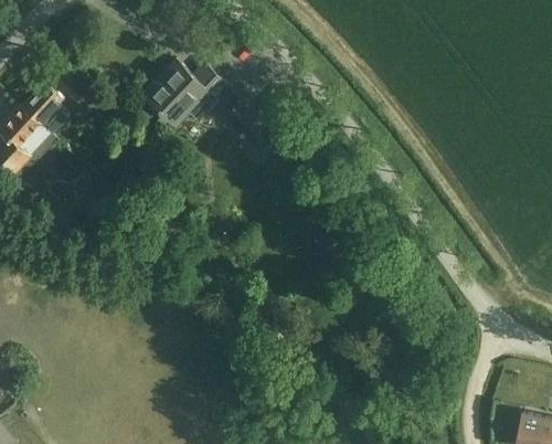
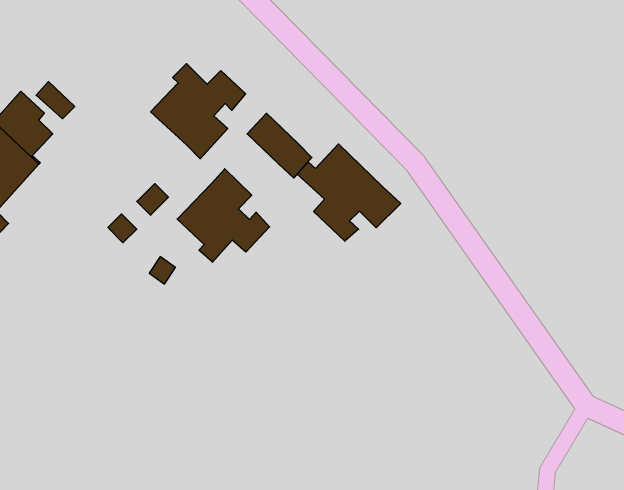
building: none -> [297,144,401,241]
building: none -> [177,169,270,262]

